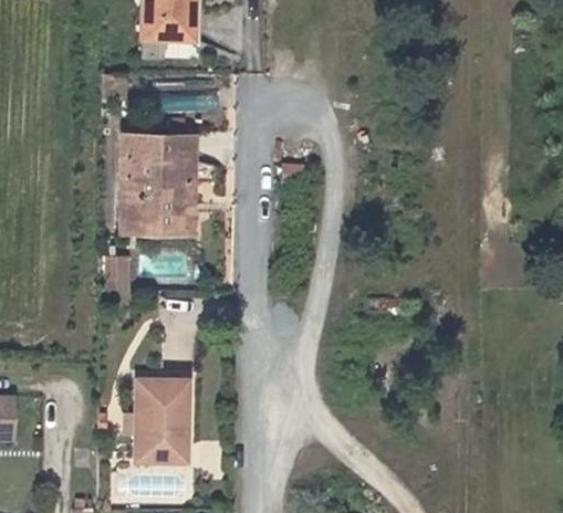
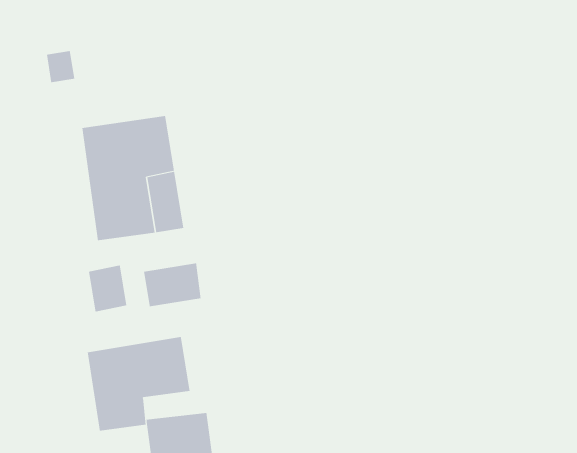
building: none -> [144,263,201,307]
building: none -> [87,336,190,431]

